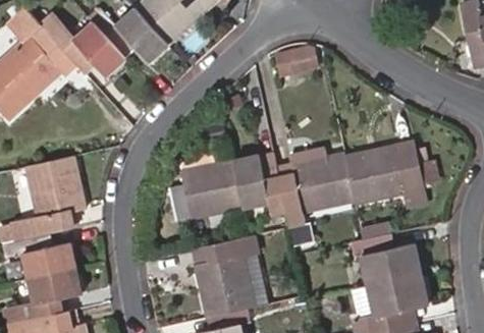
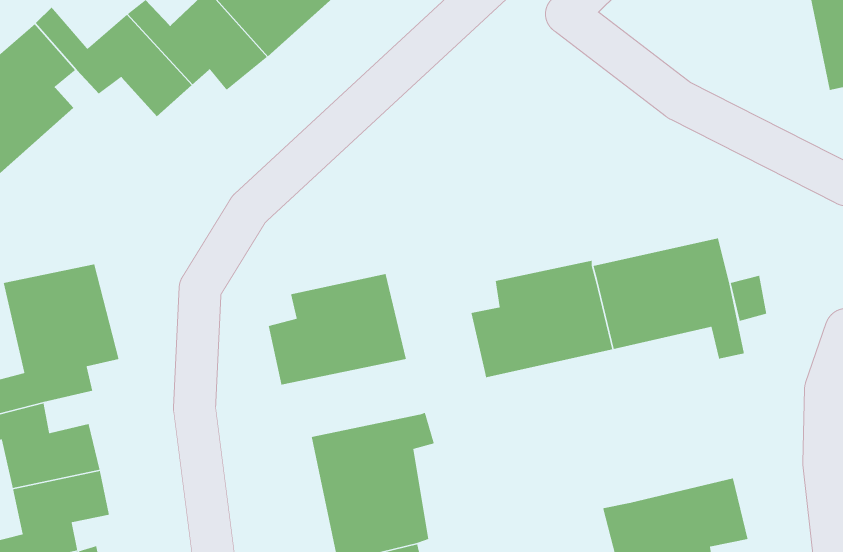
building: [272,41,318,75] -> none
building: [232,156,288,230] -> none
building: [351,233,421,284] -> none

